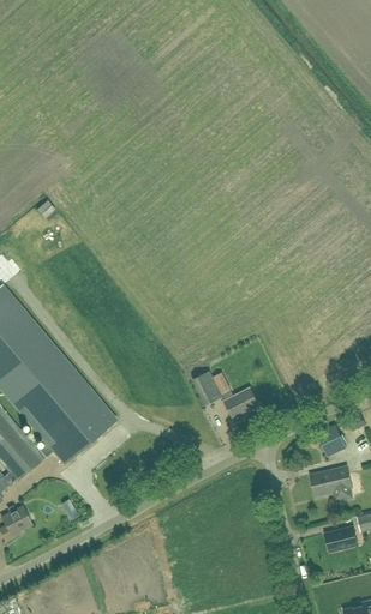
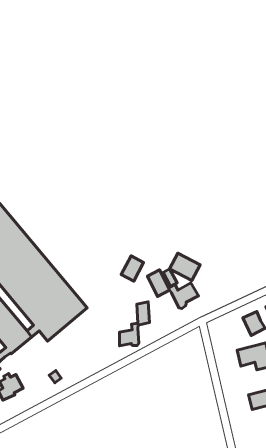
building: none -> [170,253,200,280]
building: none -> [121,256,144,281]
building: none -> [119,302,149,346]

